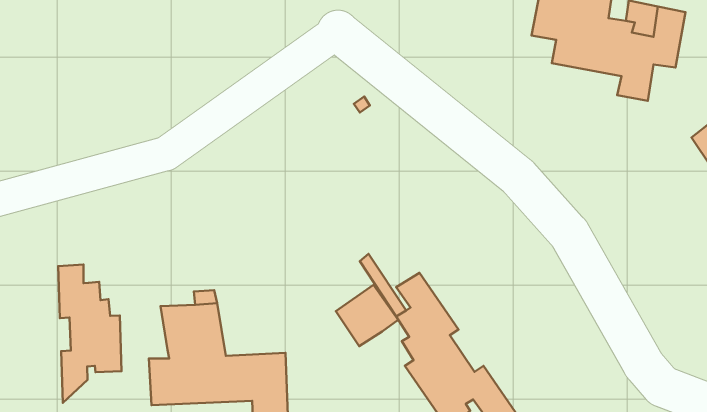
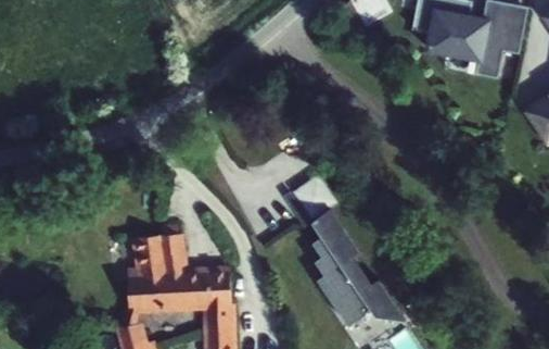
building: [58,264,122,403] -> none
building: [336,285,398,346] -> [296,177,343,223]

